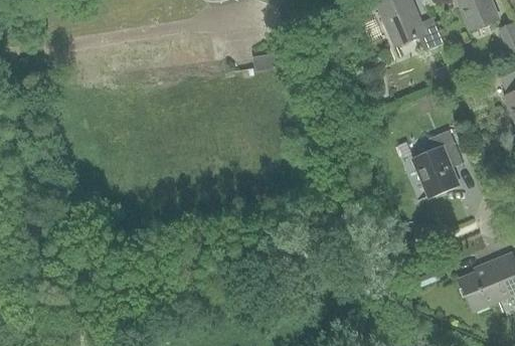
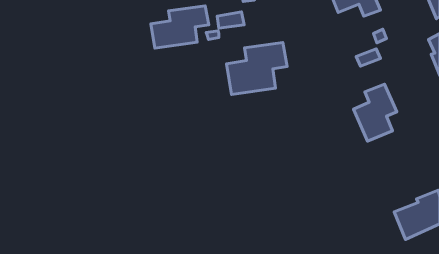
building: none -> [151,6,209,48]
building: none -> [226,43,287,94]

